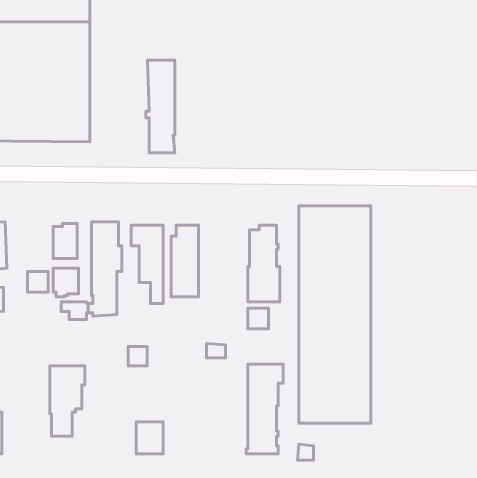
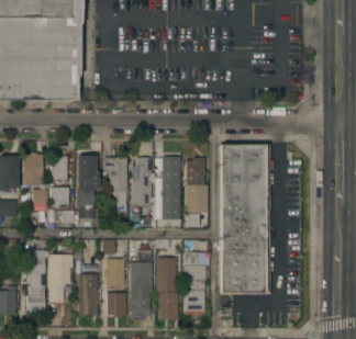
building: [146,60,175,153] -> [159,157,179,221]
building: none -> [22,154,43,183]
building: none -> [27,249,45,314]
building: none -> [129,249,152,318]
building: none -> [156,257,177,319]
building: none -> [104,258,124,286]
building: none -> [77,273,98,314]

